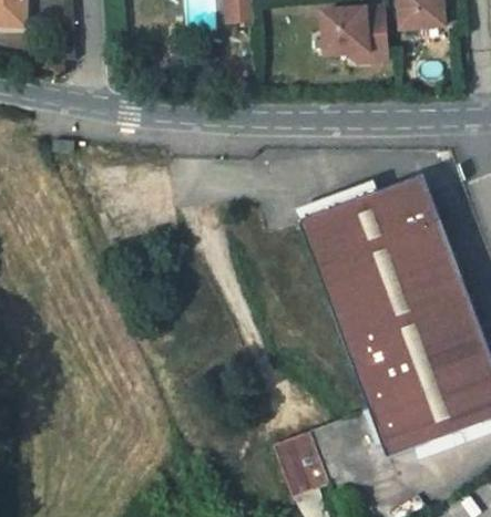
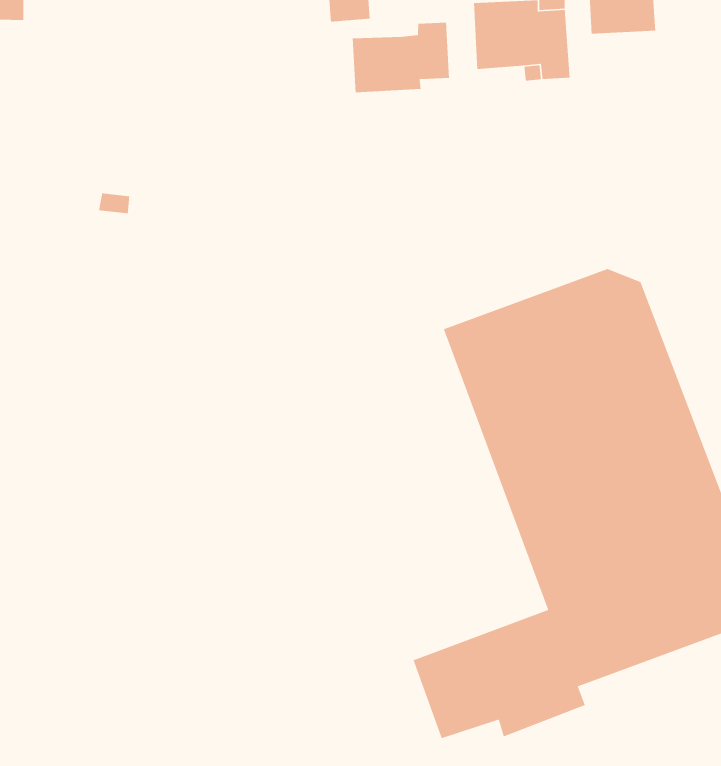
building: none -> [352,22,450,93]

